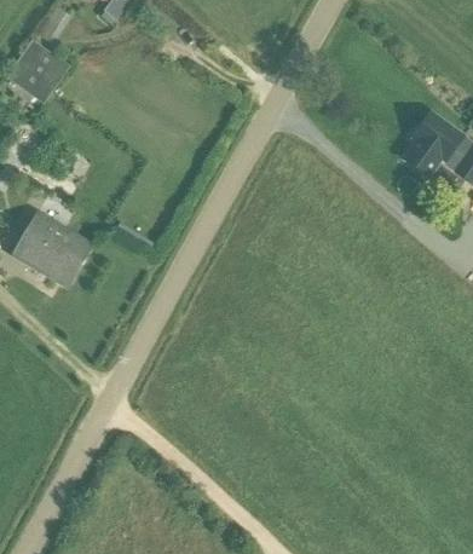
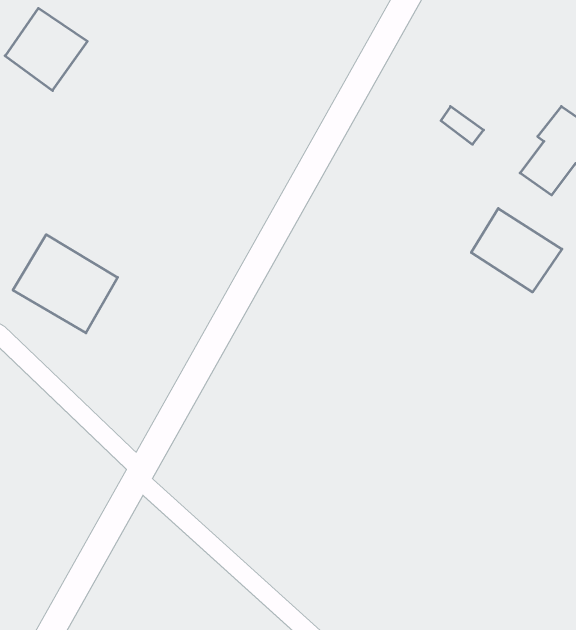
building: none -> [471,208,562,292]

